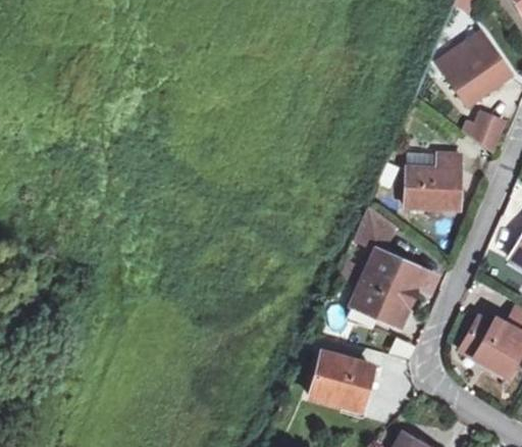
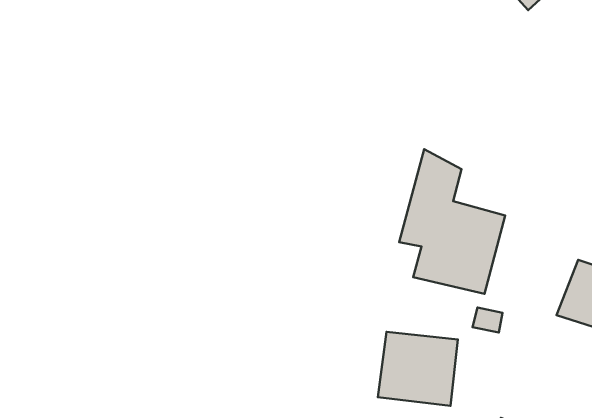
building: [464,109,510,152] -> none
building: [404,152,465,210] -> none

